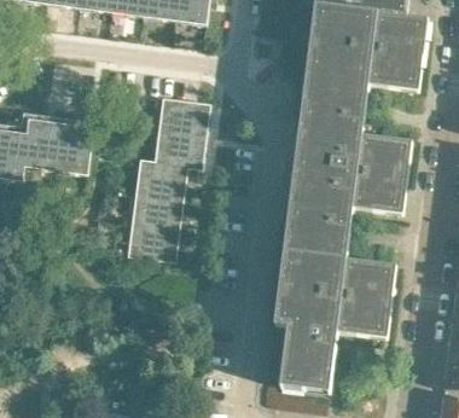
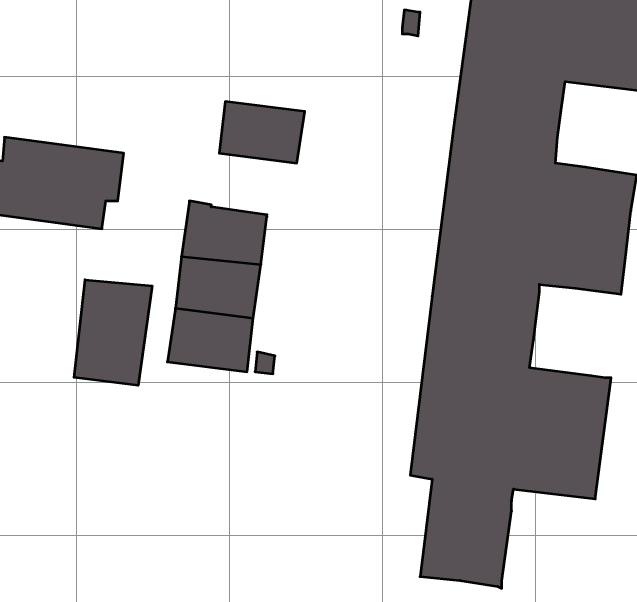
building: [153,128,205,168] -> none
building: none -> [74,280,152,385]

